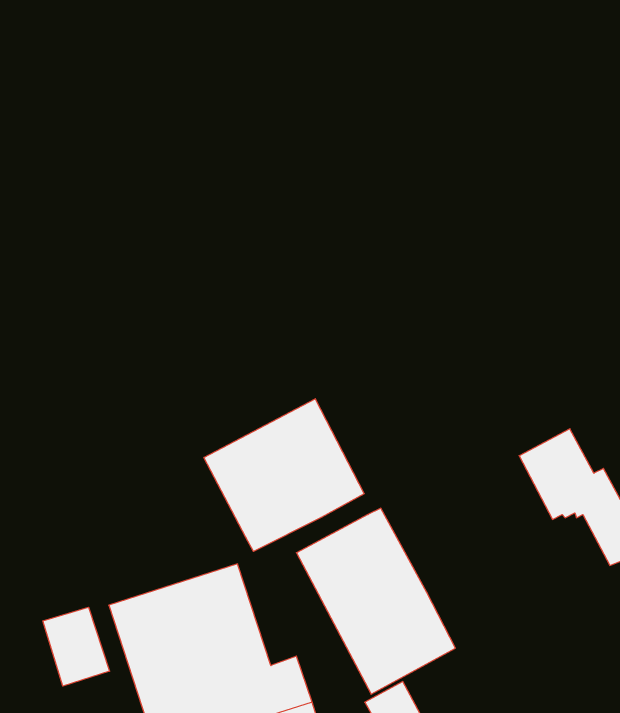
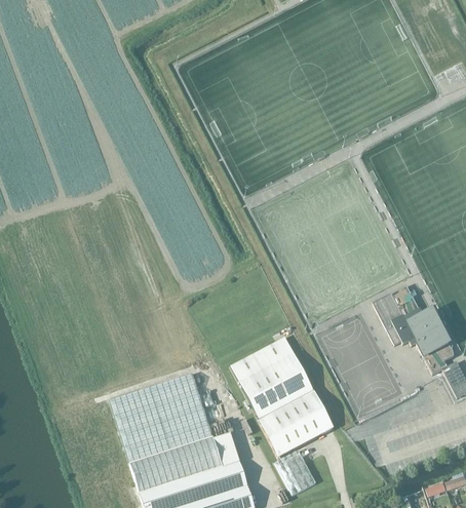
building: [204,399,364,551] -> none
building: [43,607,110,686] -> none

